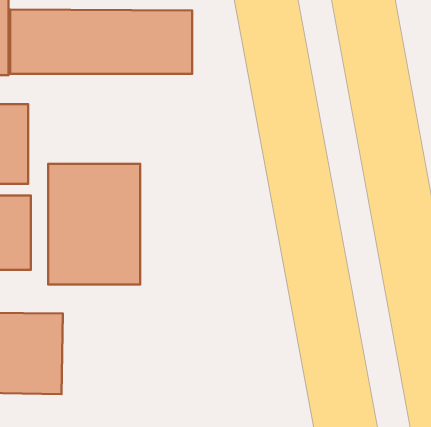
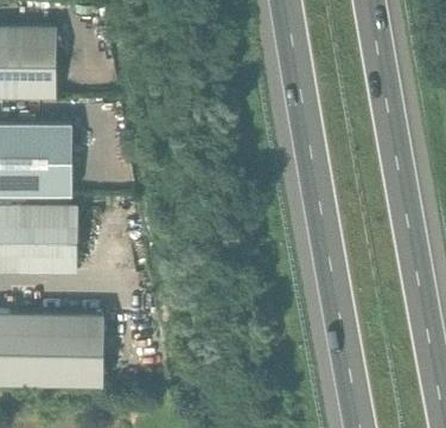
building: [10,10,192,74] -> none
building: [48,164,140,285] -> none

